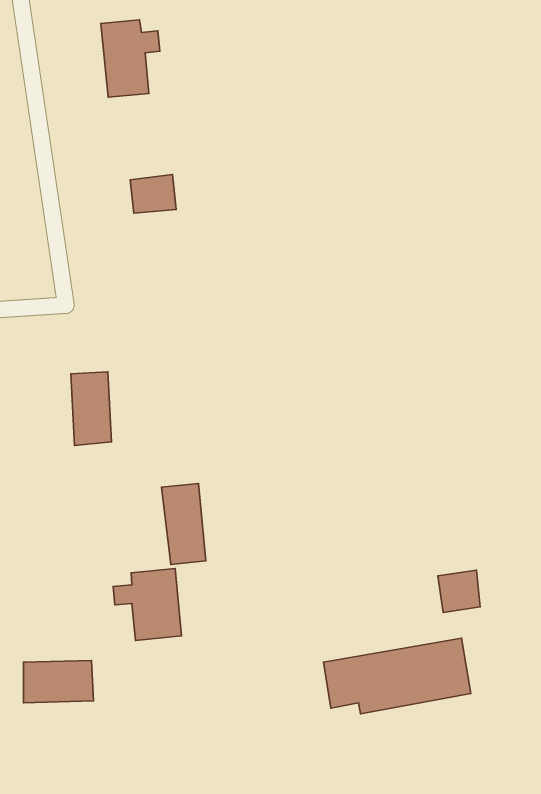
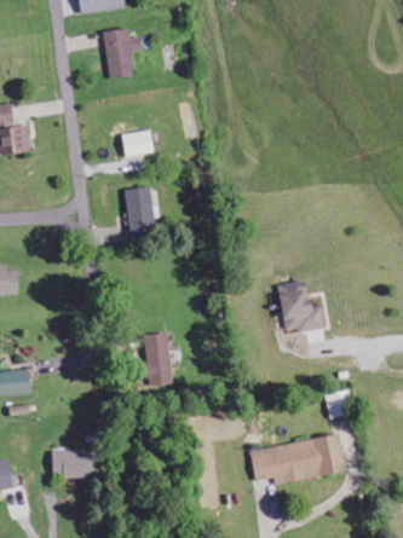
building: [71,372,111,446] -> [126,186,152,235]
building: none -> [278,280,324,332]
building: [113,569,181,641] -> none

